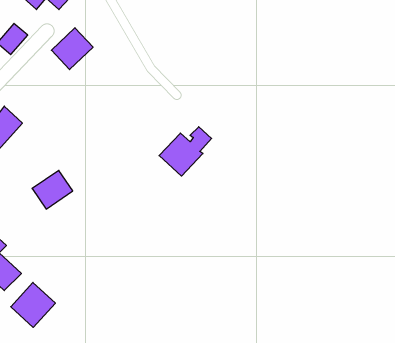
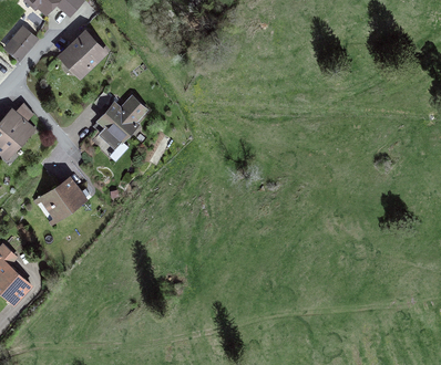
building: [159,127,212,176] -> [91,96,145,147]
building: [11,282,55,327] -> none

